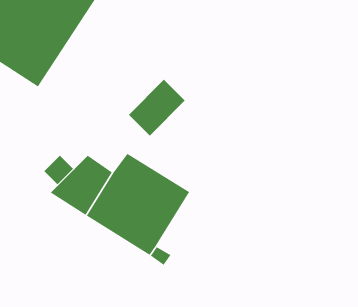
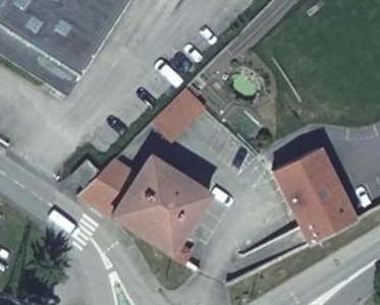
building: none -> [272,146,355,242]

